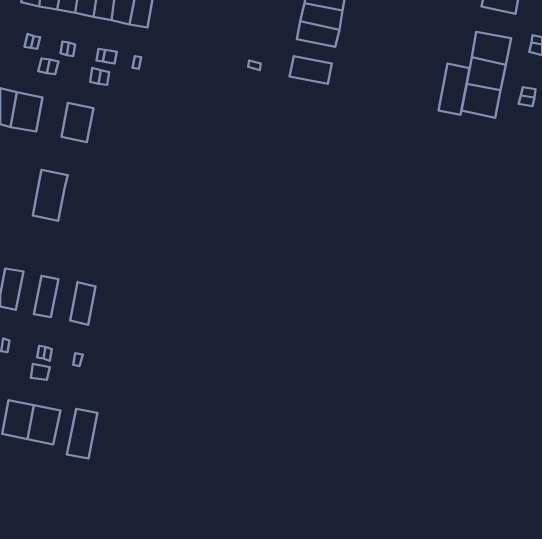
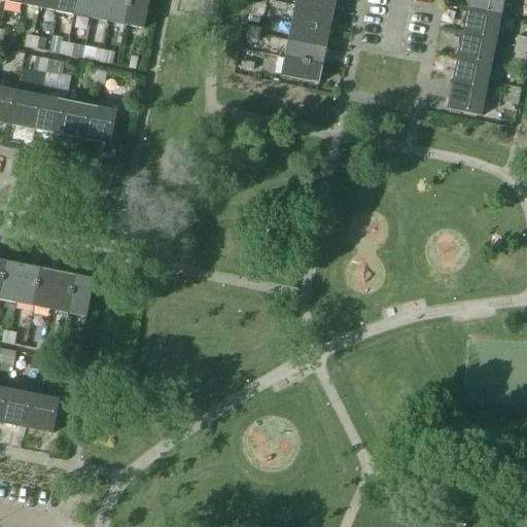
building: none -> [462,6,500,37]
building: none -> [285,38,325,62]
building: [439,64,470,115] -> none
building: none -> [84,105,115,143]
building: [33,170,68,221] -> [35,83,69,133]
building: none -> [15,264,40,305]
building: none -> [49,271,75,311]
building: [67,409,98,459] -> none

